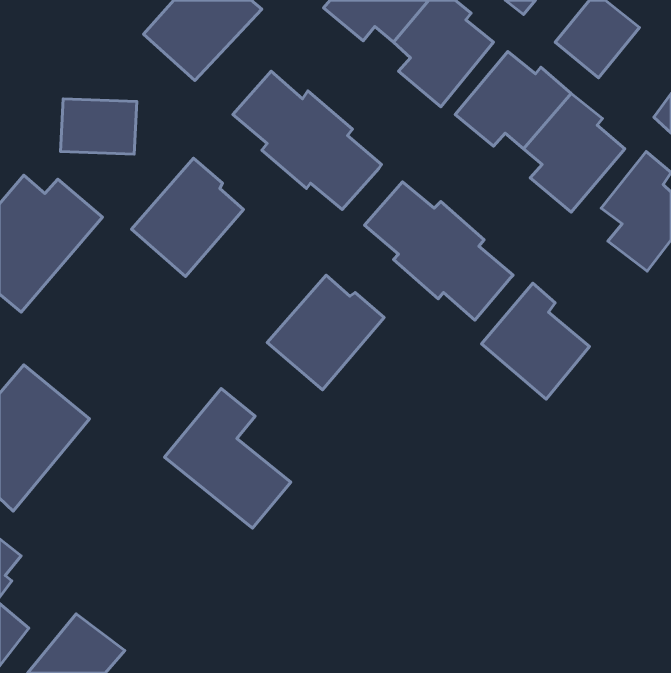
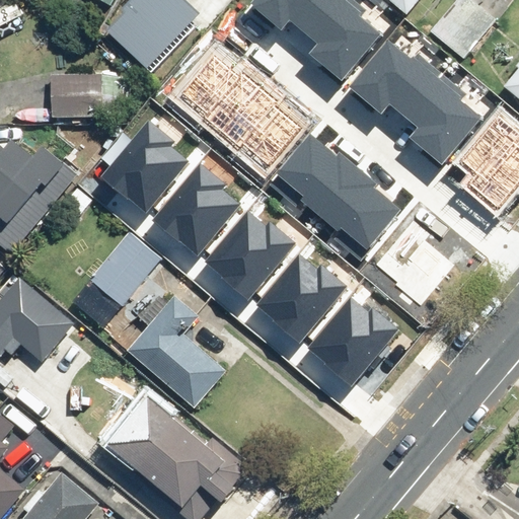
building: none -> [154,163,241,254]
building: none -> [87,232,161,307]
building: none -> [254,253,345,342]
building: none -> [307,299,397,387]
building: none -> [101,411,233,513]

